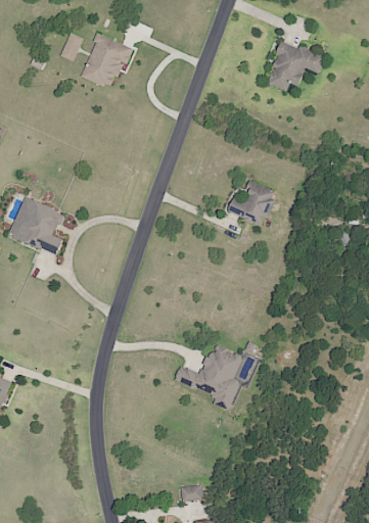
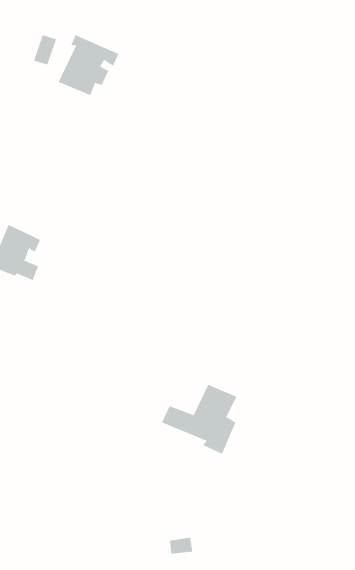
building: [267,41,327,90] -> none
building: [228,180,277,225] -> none

